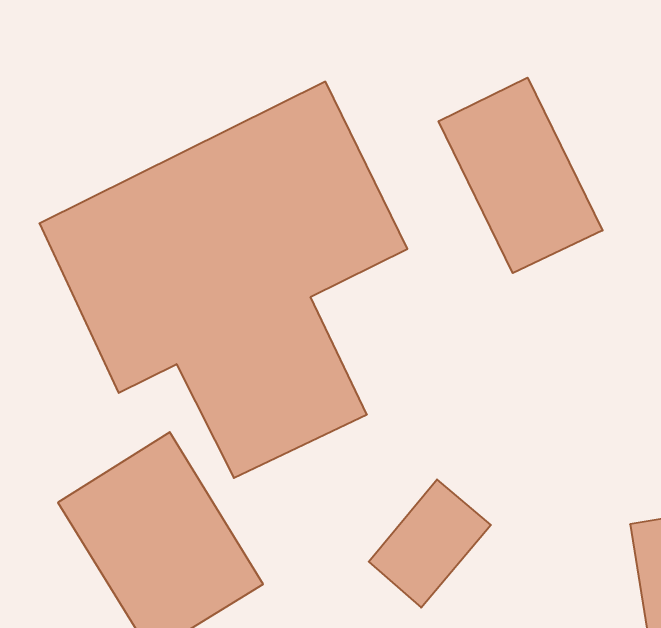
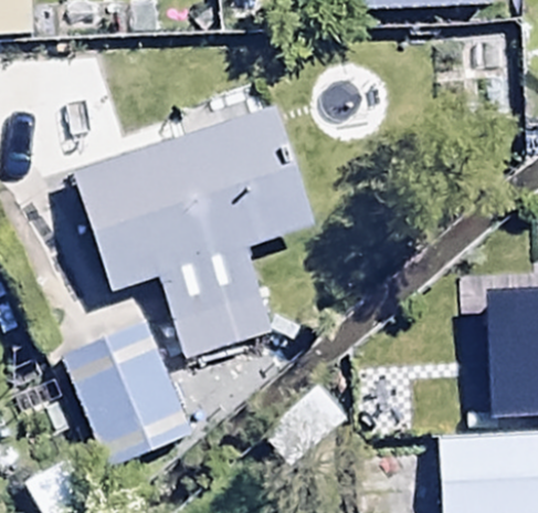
building: [439,78,603,273] -> none

